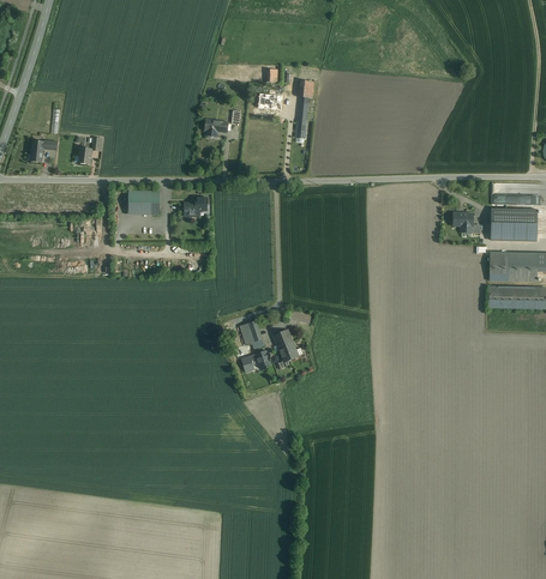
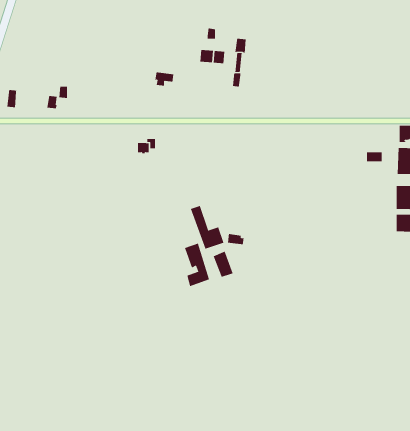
building: [128,191,160,215] -> none
building: none -> [190,205,224,249]

